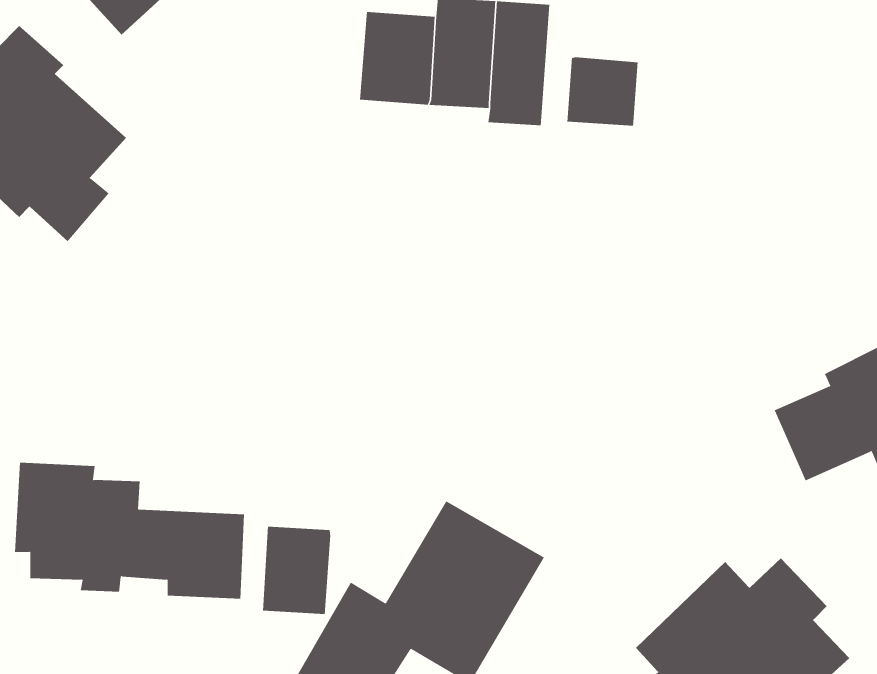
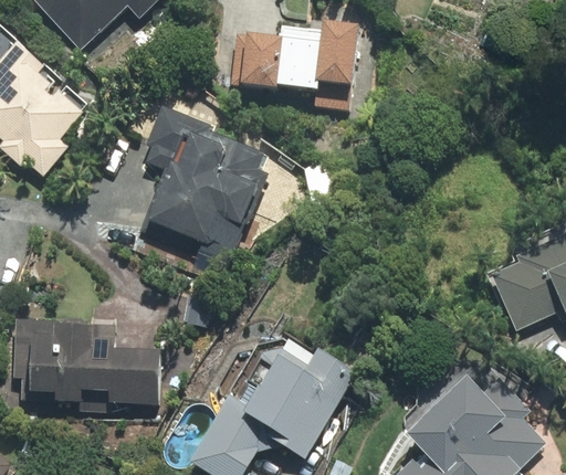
building: [567,56,638,127] -> none
building: none -> [143,109,266,247]
building: [263,526,331,615] -> none

